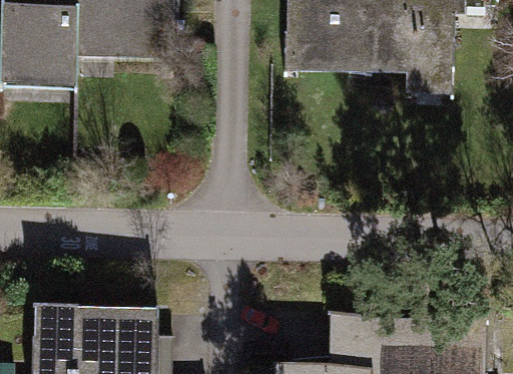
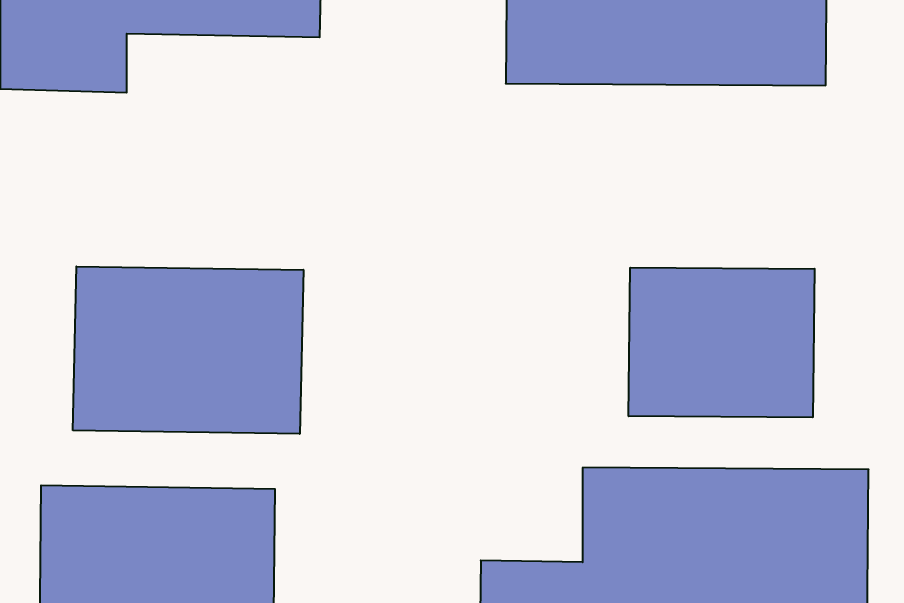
building: none -> [73,266,303,434]
building: none -> [629,268,815,417]

